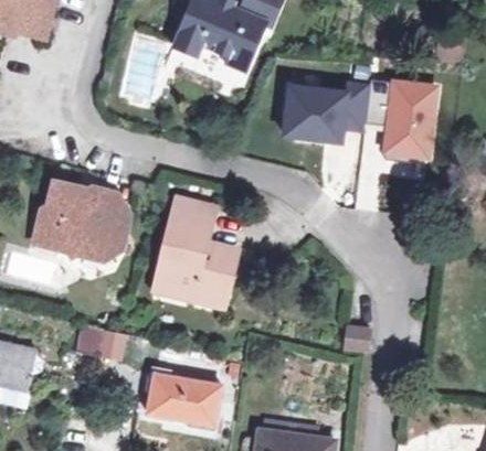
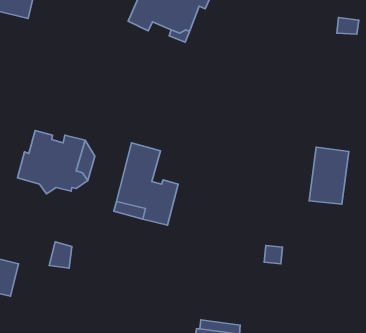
building: [279,80,363,136] -> none
building: [382,80,432,152] -> [309,147,349,204]
building: [149,375,220,430] -> none

